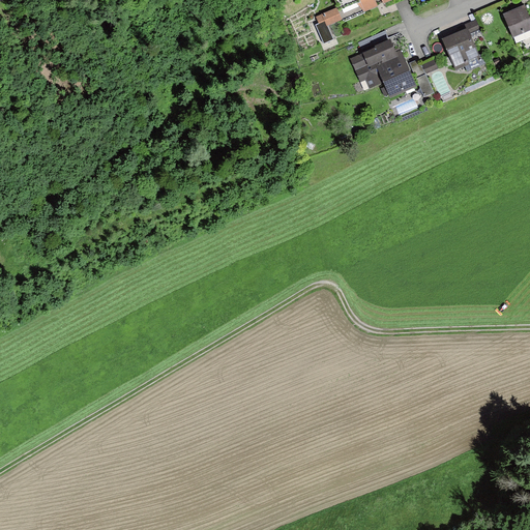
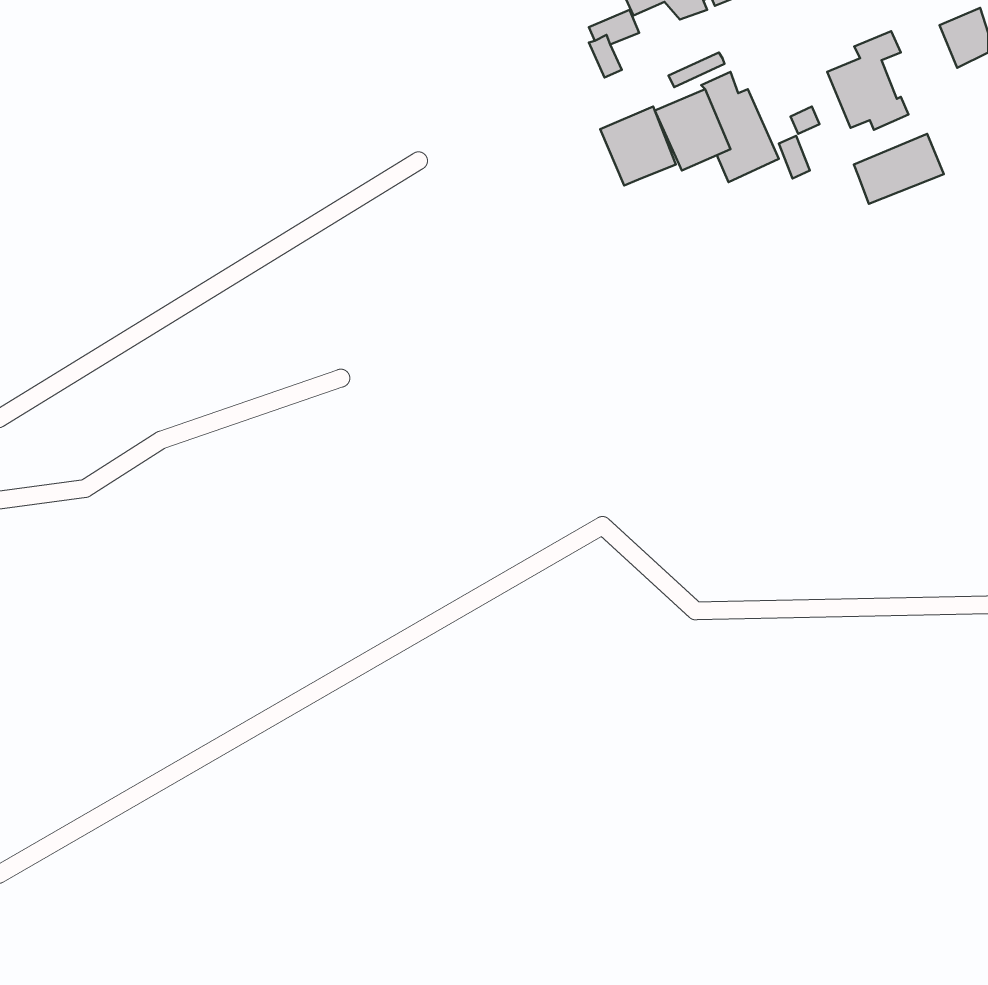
building: none -> [600,107,676,186]
building: none -> [854,134,944,204]

